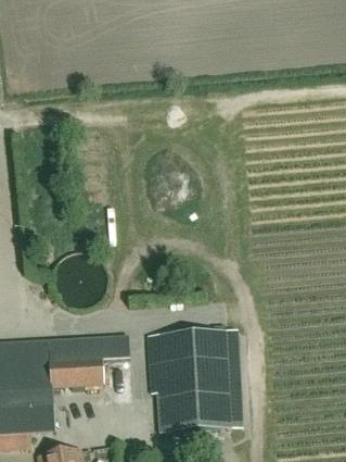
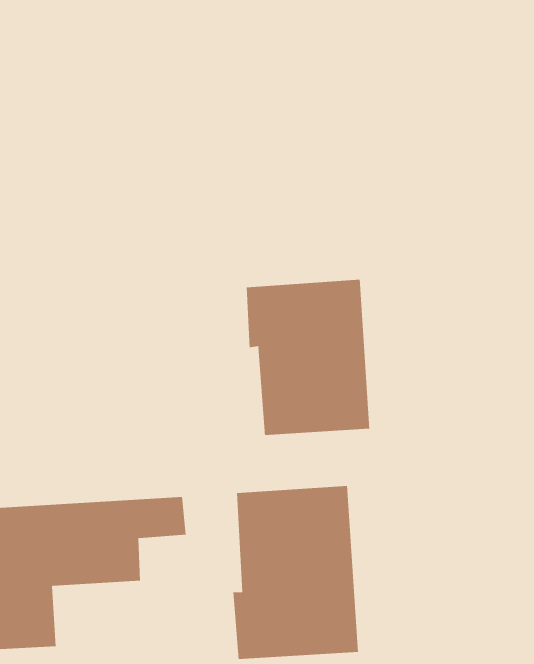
building: none -> [246,279,370,436]

